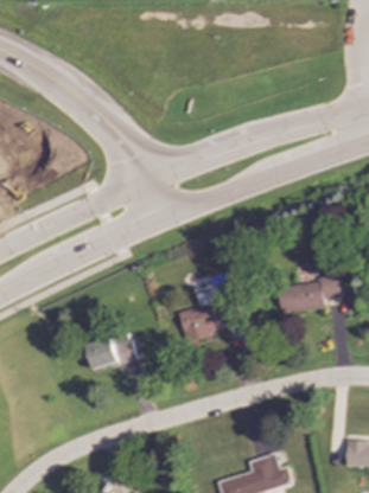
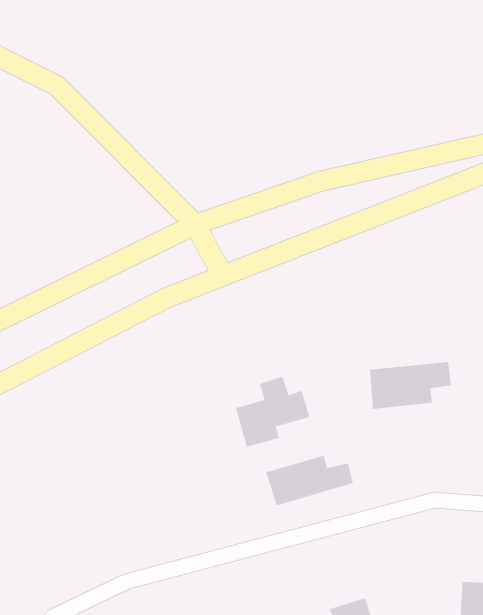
building: [87,333,136,369] -> none
building: none -> [265,455,353,506]

